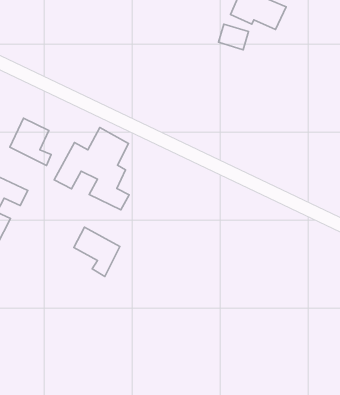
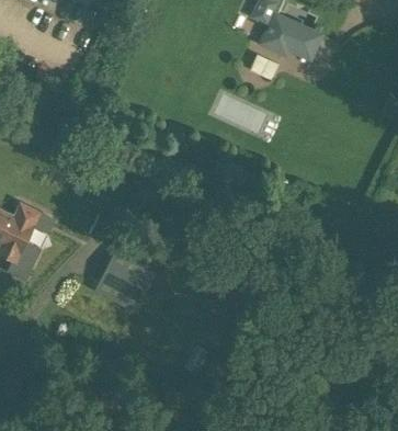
building: [10,118,51,165] -> none
building: [54,128,129,210] -> none

